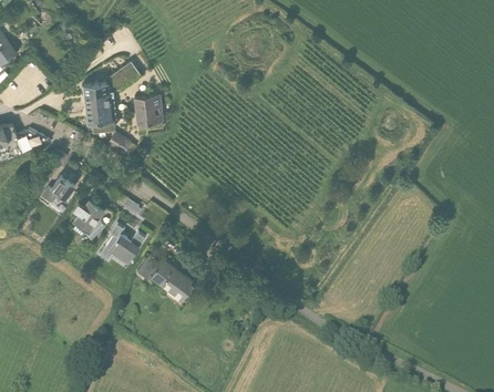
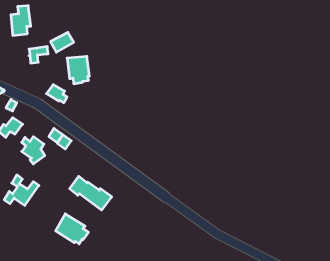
building: [85,90,112,130] -> [11,6,31,35]
building: [100,220,146,261] -> [4,175,39,205]
building: none -> [56,214,88,244]

